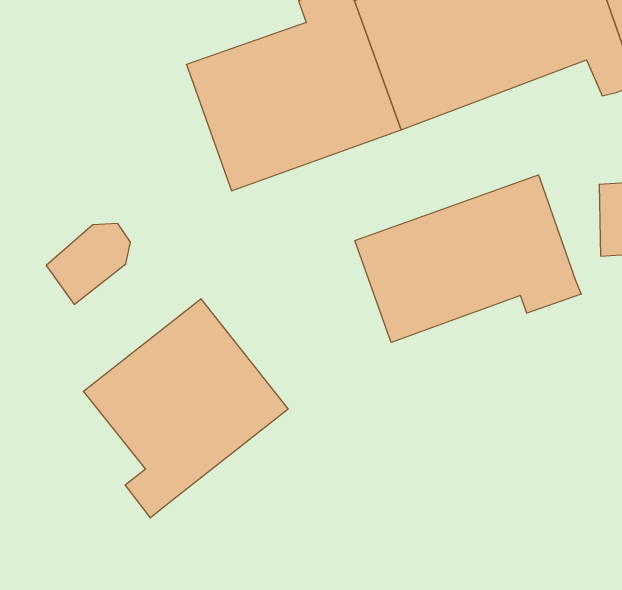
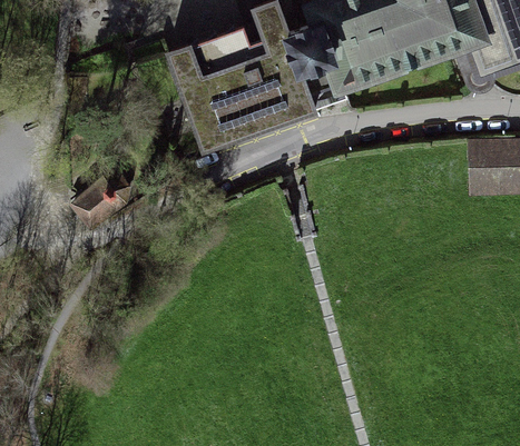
building: [355,175,581,342] -> none
building: [83,299,288,518] -> none

